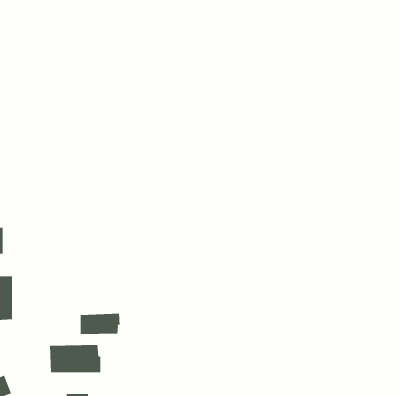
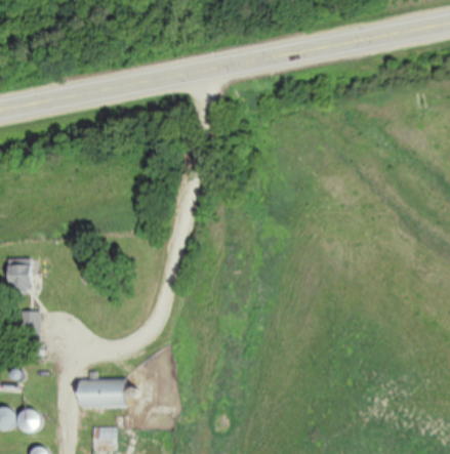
building: [80,313,120,335] -> none

